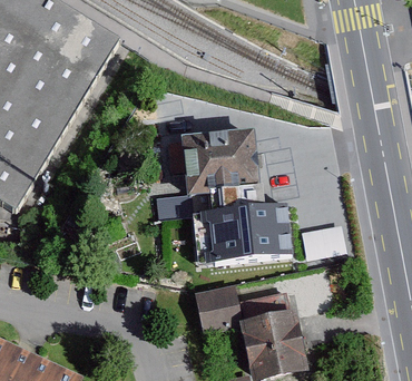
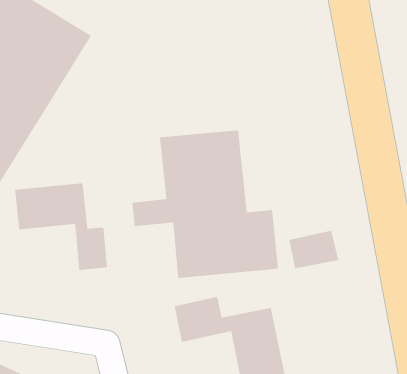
building: none -> [14,183,107,271]

